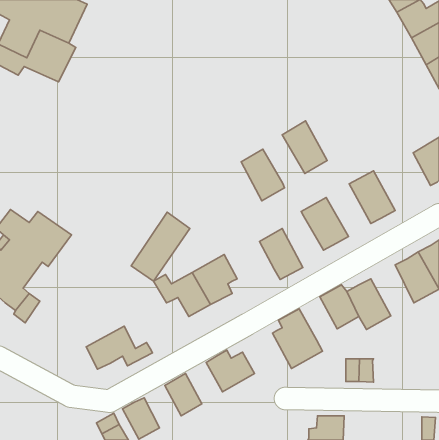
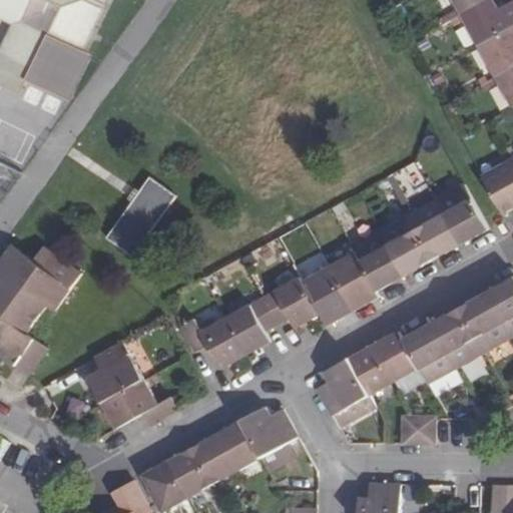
building: [282,121,327,174] -> [379,213,431,275]
building: [241,149,284,201] -> [328,250,378,311]
building: none -> [434,183,487,244]
building: [131,212,190,281] -> [107,175,175,255]
building: none -> [261,277,319,327]
building: none -> [431,308,481,367]
building: none -> [85,342,144,403]
building: none -> [348,345,392,395]
building: none -> [215,421,259,469]
building: none -> [167,448,210,497]

